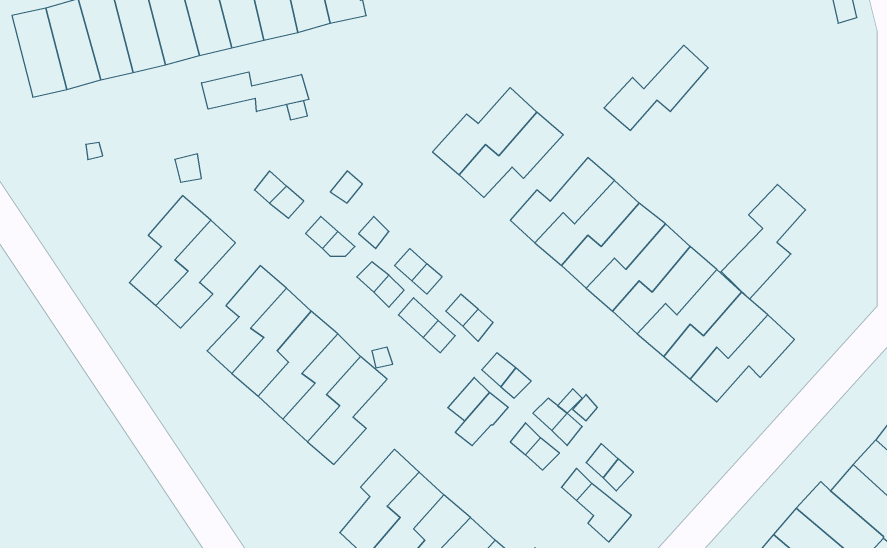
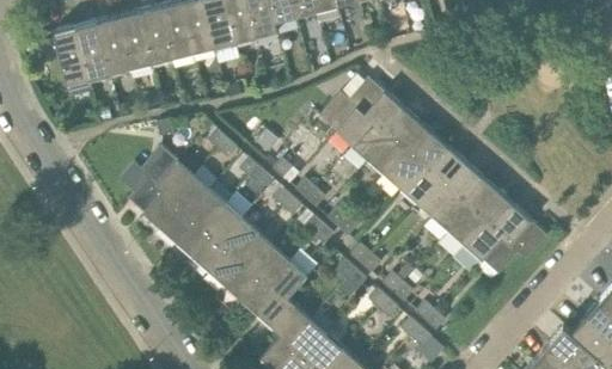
building: [604,45,708,130] -> [351,107,417,161]
building: [202,72,309,112] -> none
building: [721,184,806,299] -> none
building: none -> [160,176,210,244]
building: none -> [257,251,317,330]

